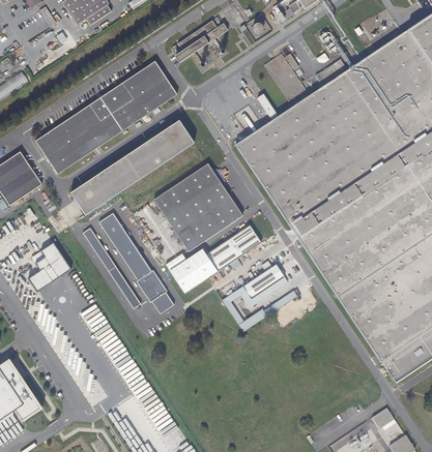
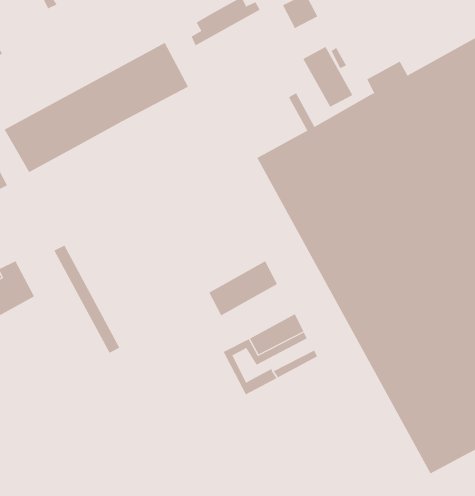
building: [70,120,194,215] -> none
building: [153,162,242,251] -> none
building: [99,212,174,312] -> none
building: [170,248,218,293] -> none

